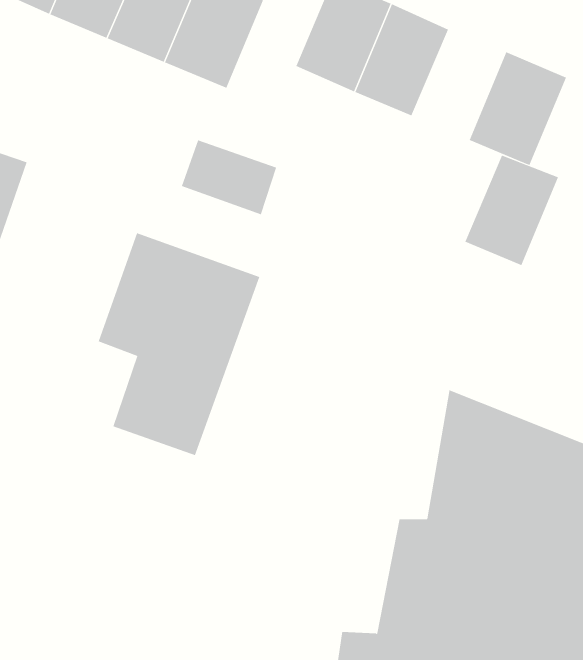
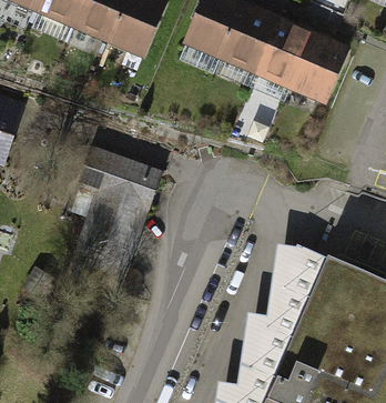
building: [181,139,277,215] -> none
building: [464,155,559,266] -> [256,21,313,88]

